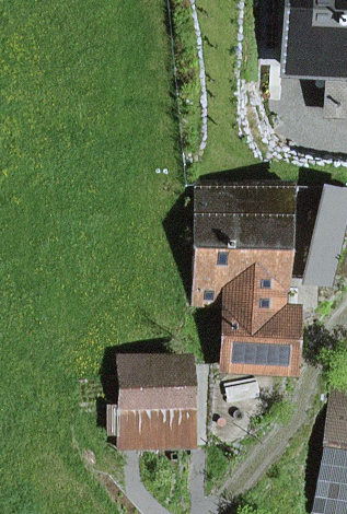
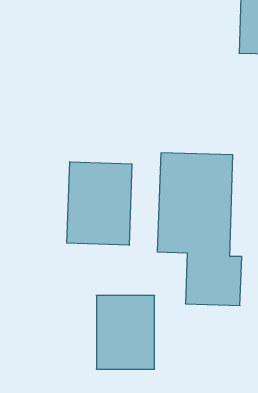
building: none -> [67,162,132,245]

